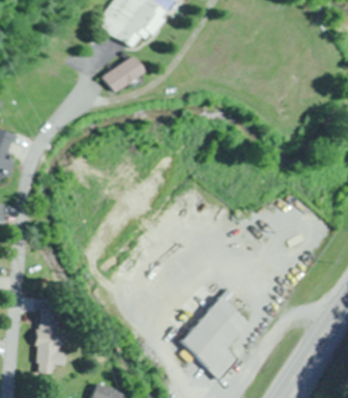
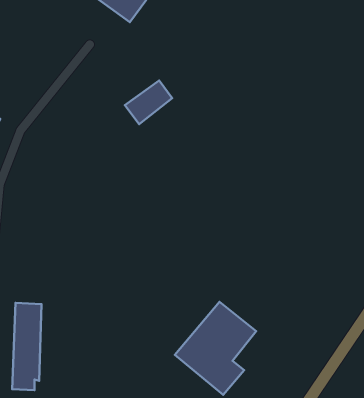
building: [104,55,145,93] -> [125,80,172,124]

